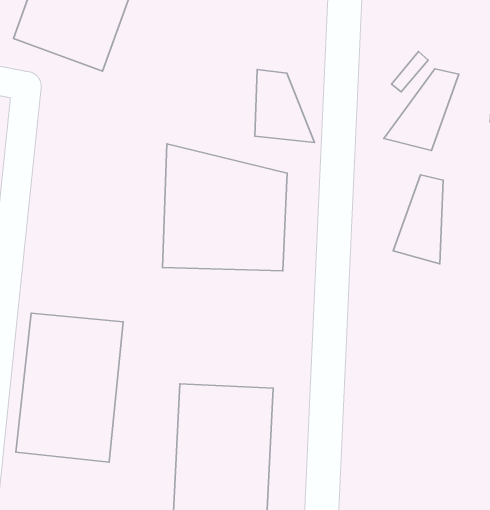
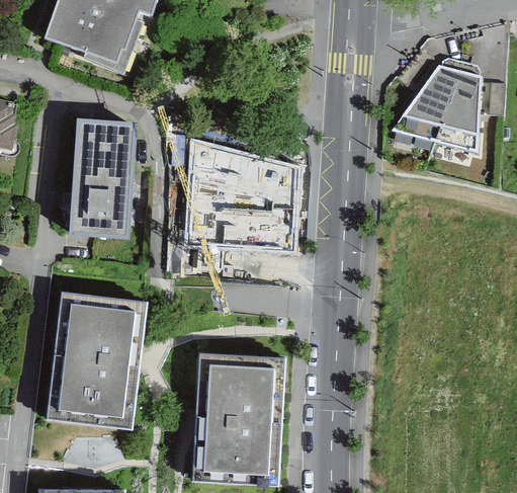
building: [255,70,315,142] -> none
building: none -> [74,120,137,237]
building: [393,175,443,264] -> [433,70,480,153]

